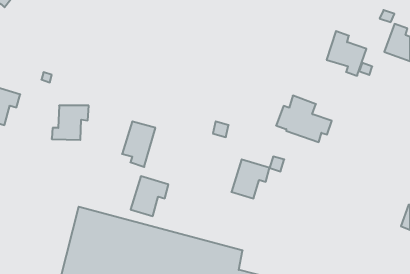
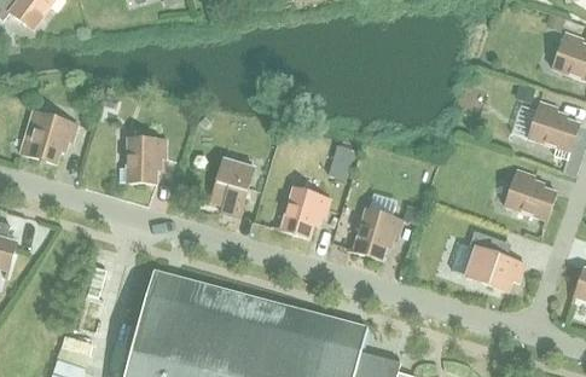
building: [327,31,366,76] -> [527,100,579,158]
building: [276,96,332,142] -> [451,230,523,290]
building: none -> [504,169,555,220]
building: [131,176,168,216] -> [279,186,329,238]

